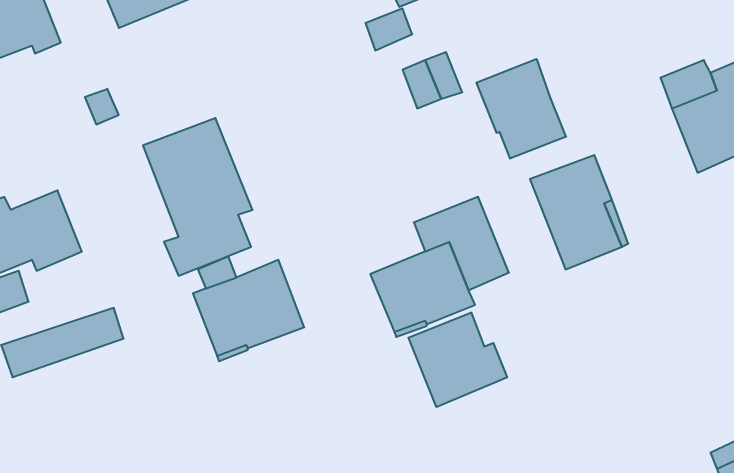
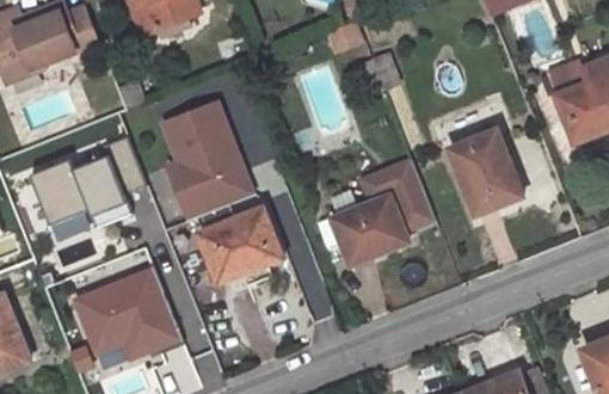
building: [477,59,566,159] -> none
building: [408,312,507,407] -> none
building: none -> [68,271,172,359]

